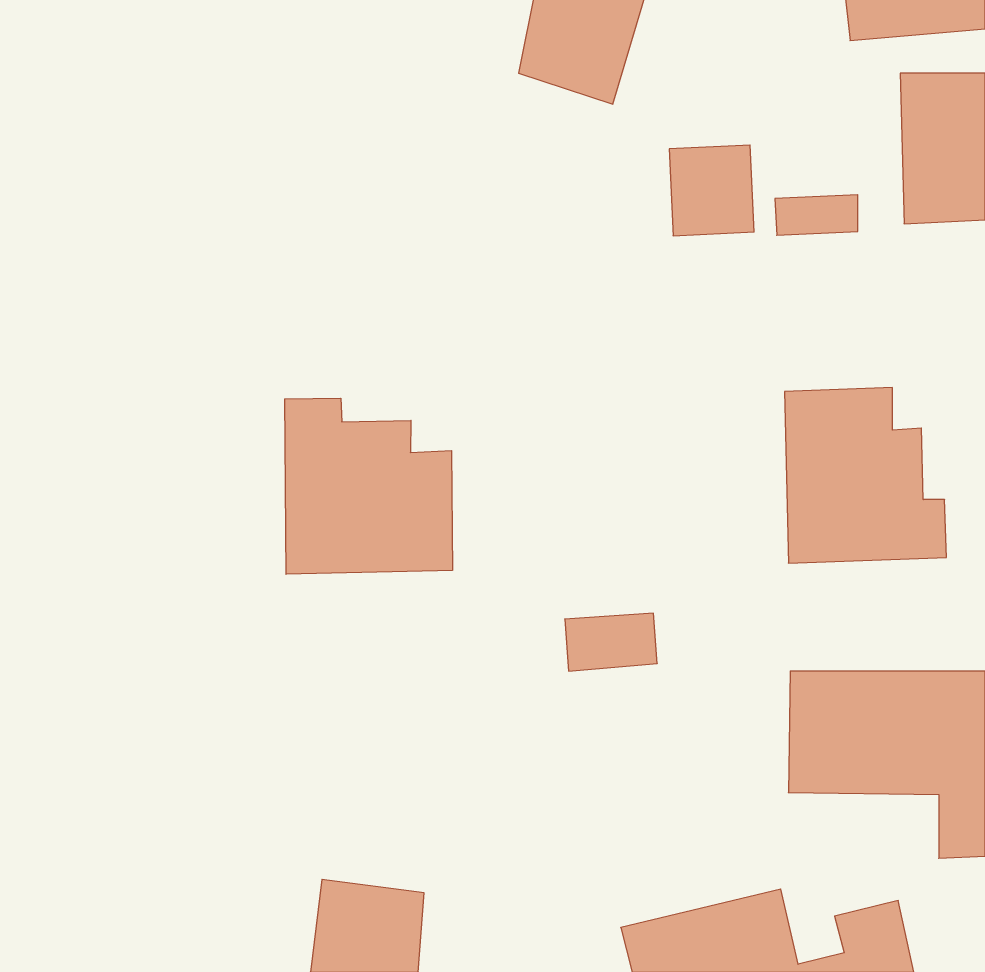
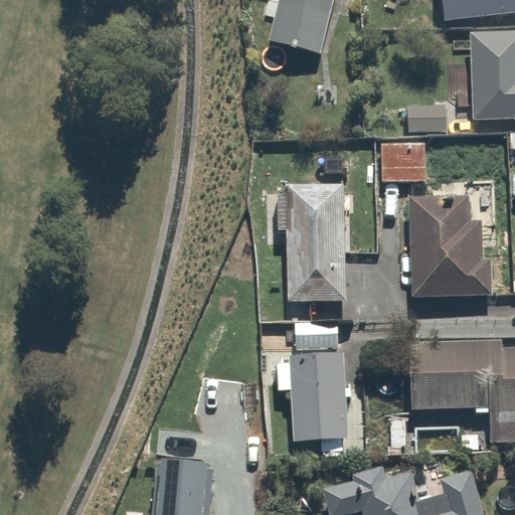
building: [669,145,754,236] -> [380,134,424,181]
building: none -> [287,186,345,305]
building: [285,398,452,574] -> none
building: none -> [283,352,351,456]

